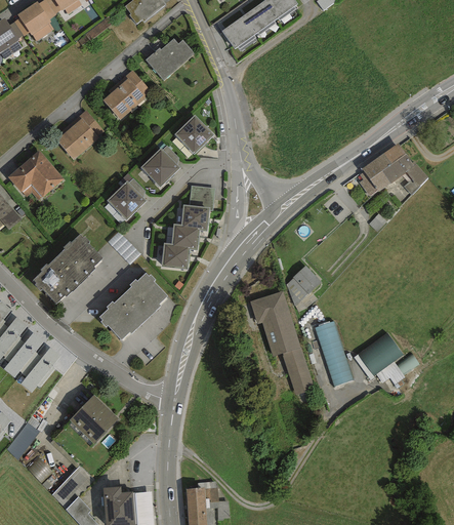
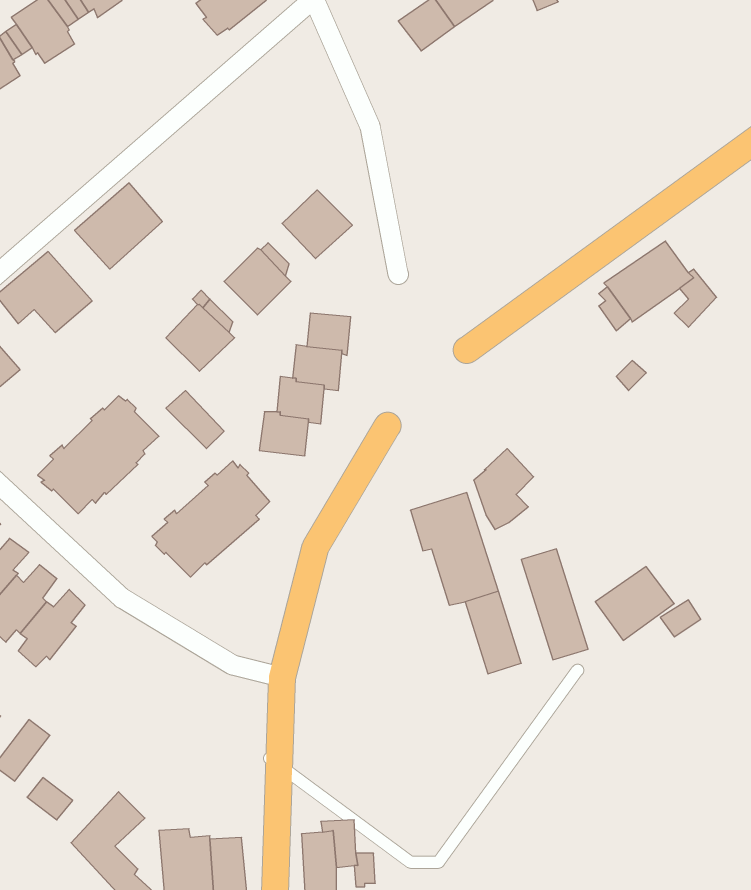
building: [221,15,255,48] -> none
building: [146,38,194,79] -> none
building: [100,69,152,119] -> none
building: [69,394,118,443] -> none

